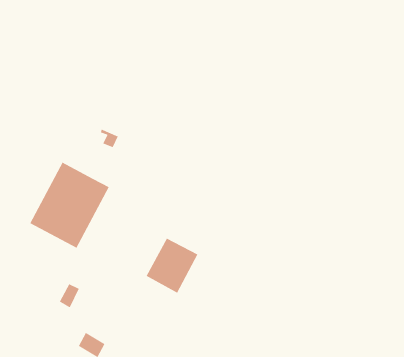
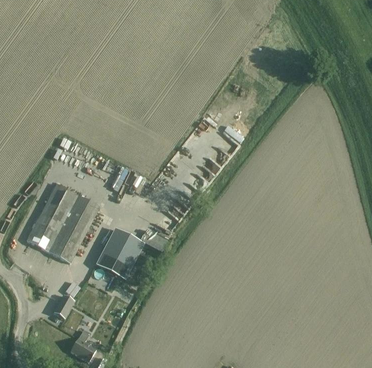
building: [146,237,199,294] -> [96,228,144,279]

